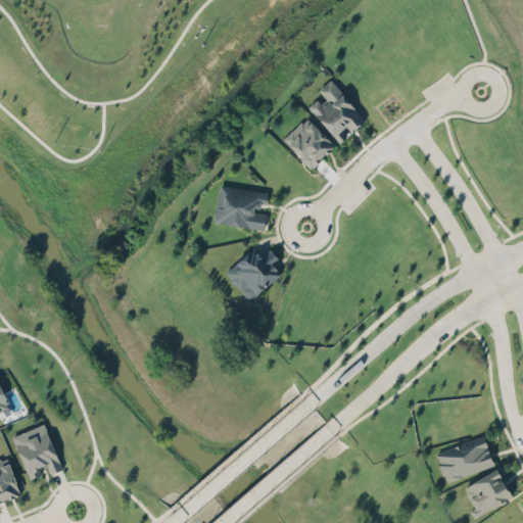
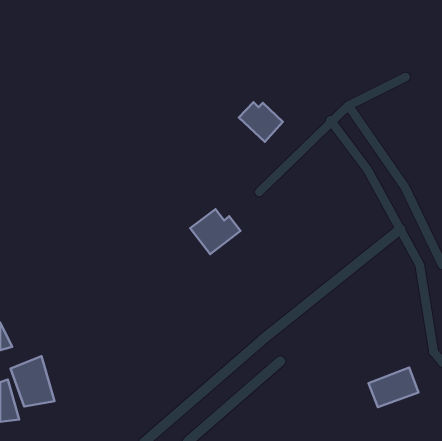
building: [310,79,363,144] -> none
building: [213,186,268,230] -> none
building: [464,470,512,518] -> none

